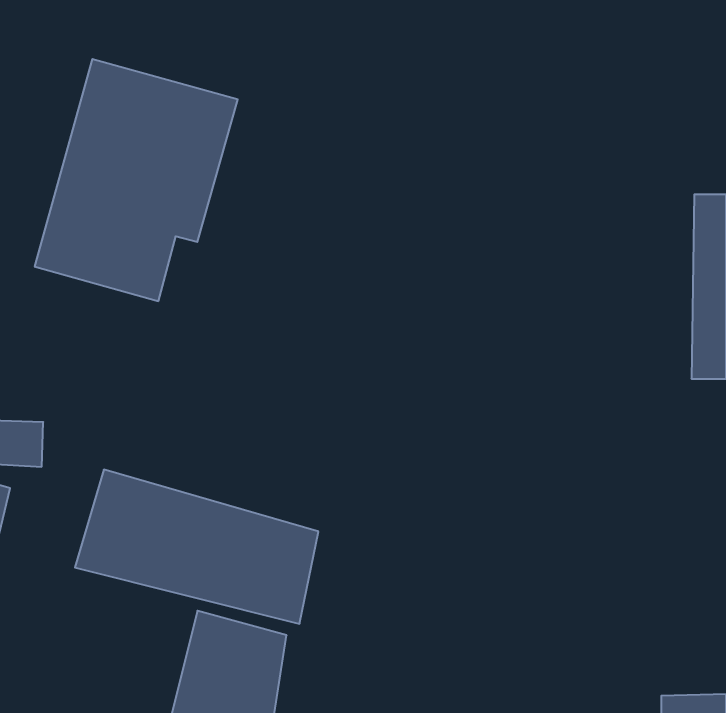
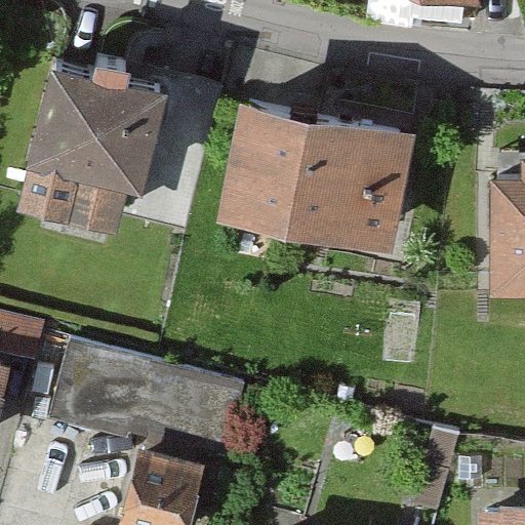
building: none -> [226,98,411,260]

